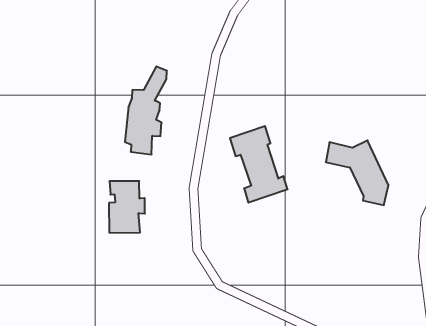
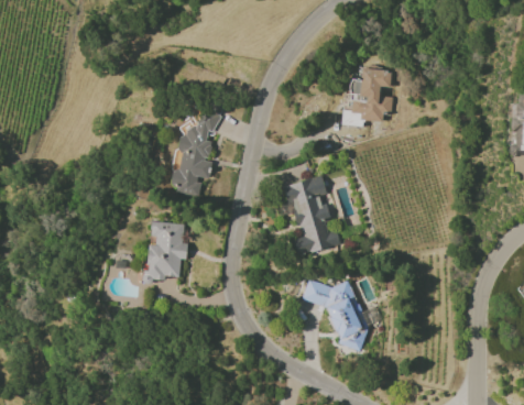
building: none -> [341,68,396,127]
building: [326,140,389,205] -> [303,280,368,351]

